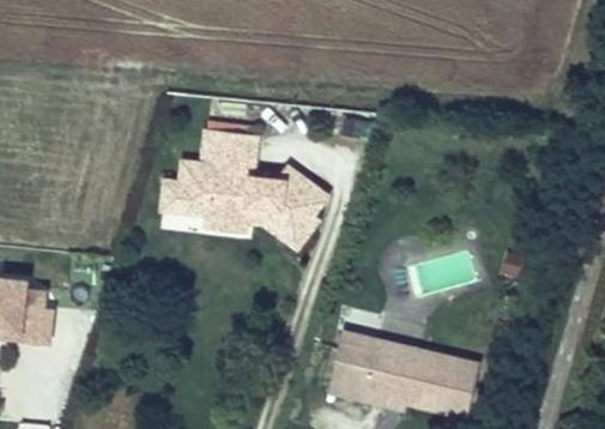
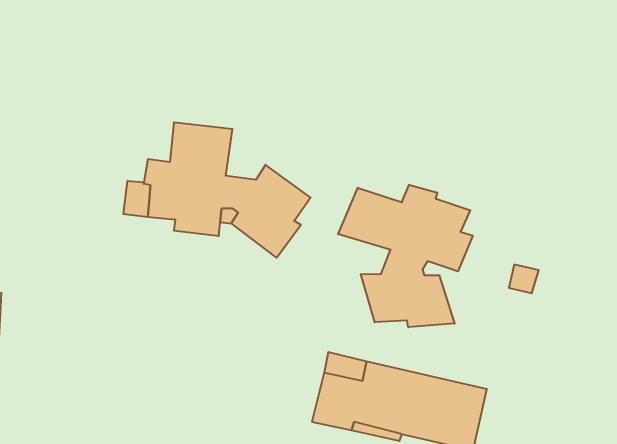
building: none -> [338,185,473,327]

